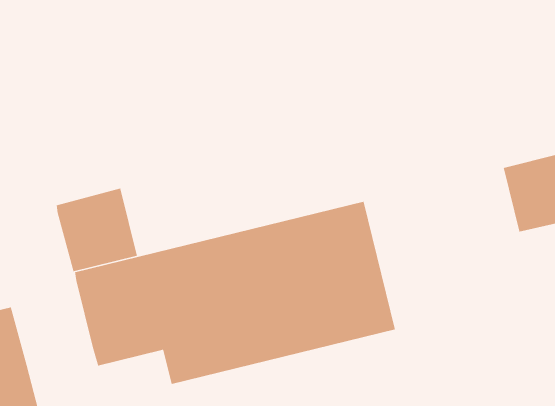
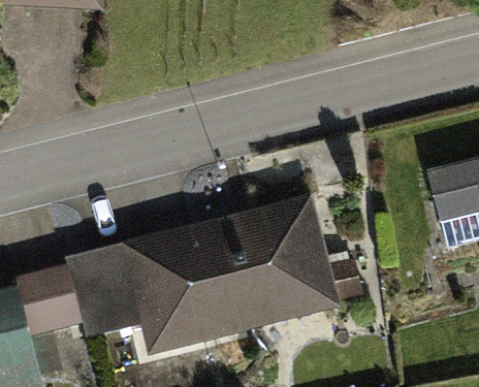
building: [56,188,138,272] -> [15,263,85,334]

